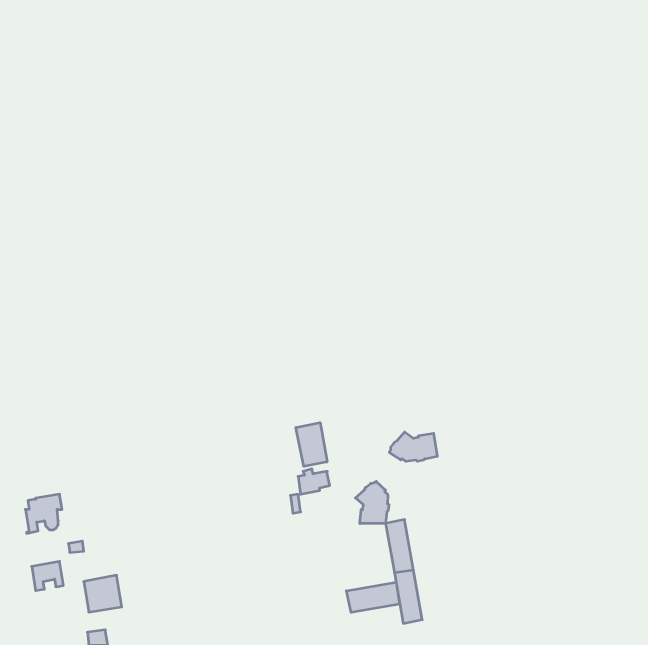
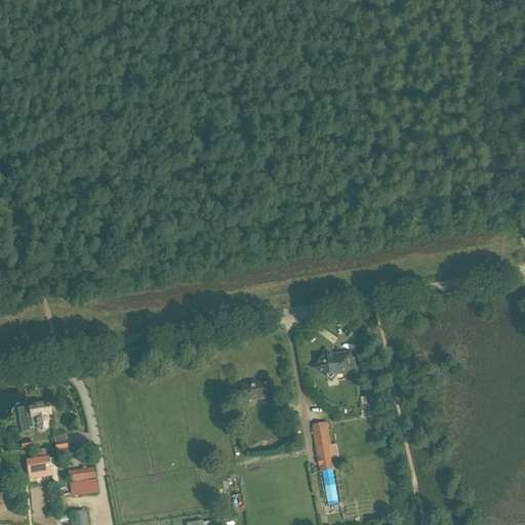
building: [296,423,327,466] -> none
building: [355,481,389,524] -> none
building: [346,582,399,612] -> none

